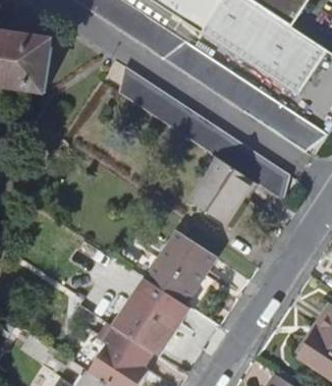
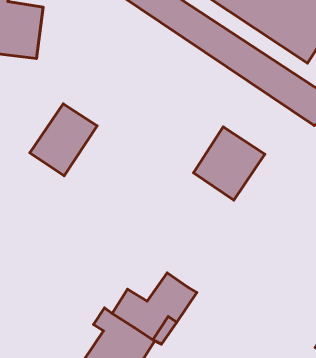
building: [120,63,289,200] -> none
building: none -> [30,104,97,176]
building: [146,229,217,302] -> none

